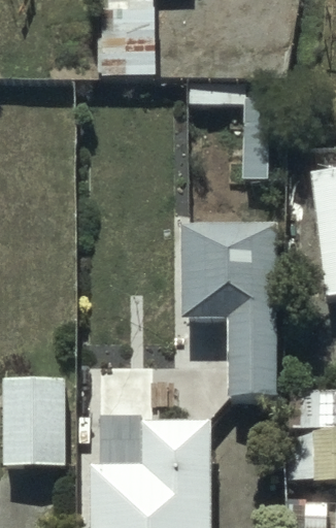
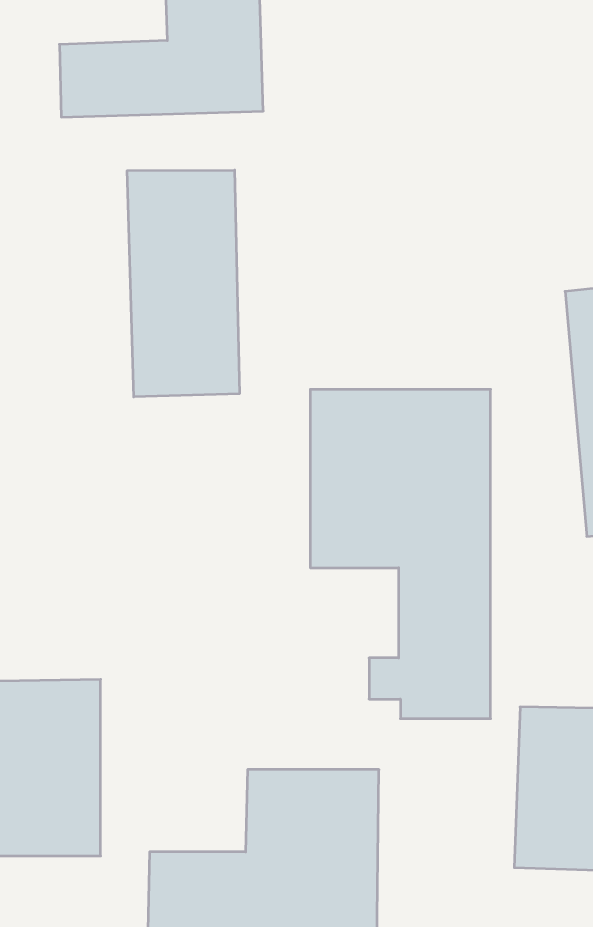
building: none -> [127,170,239,397]

